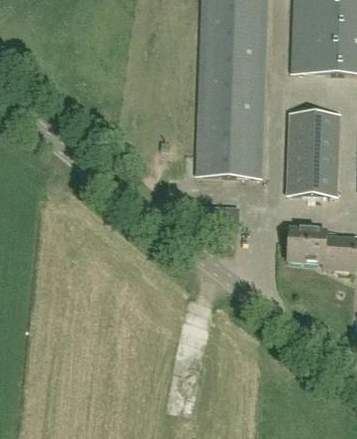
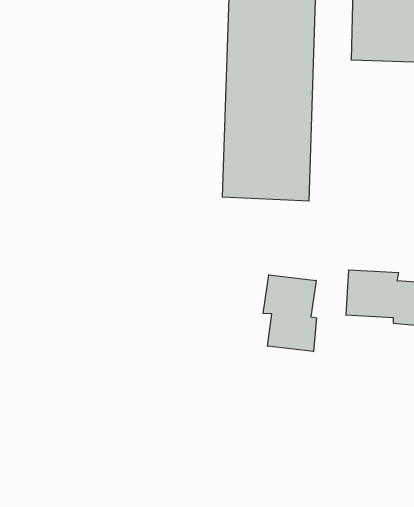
building: [290,98,334,200] -> none
building: none -> [263,275,317,352]

